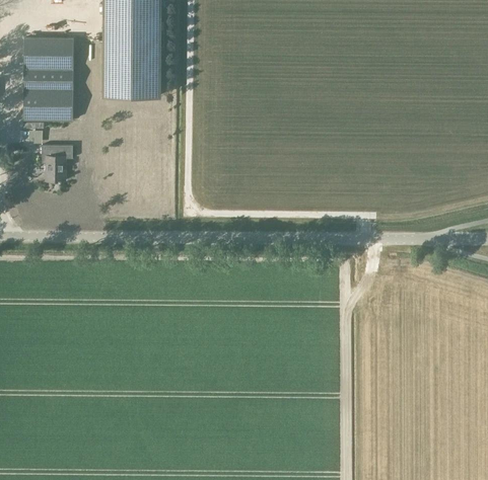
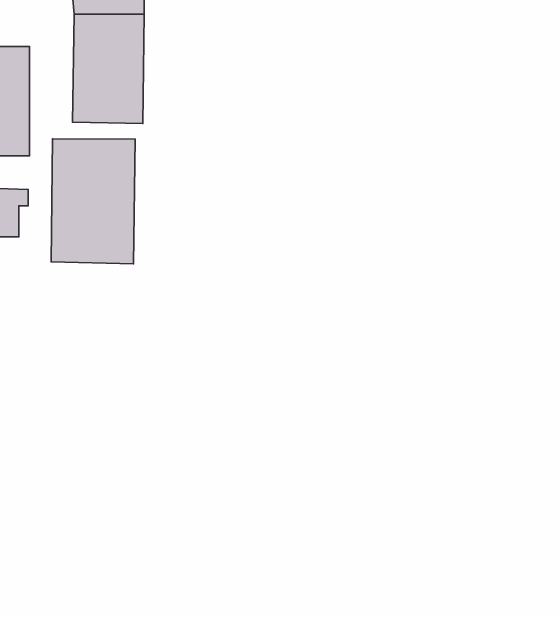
building: none -> [51,139,135,264]

